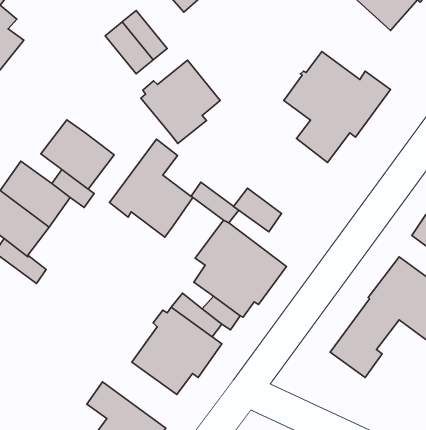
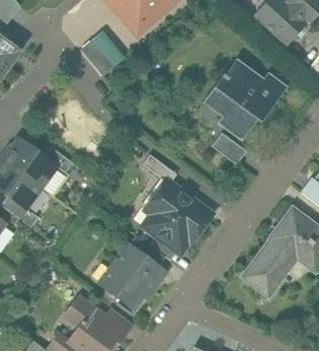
building: [141,60,220,143] -> none
building: [41,120,114,189] -> none
building: [109,139,193,237] -> none
building: [234,188,281,232] -> [212,134,246,165]

